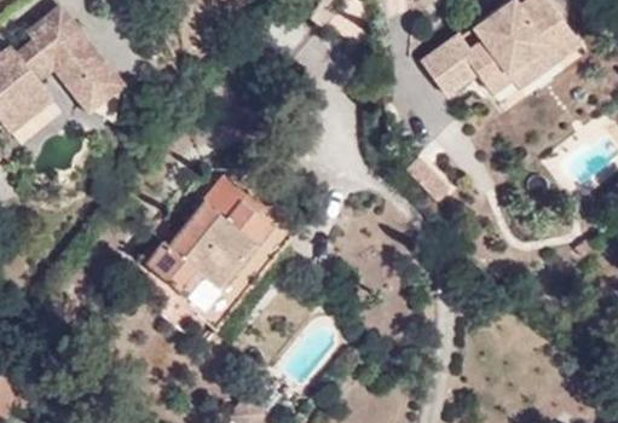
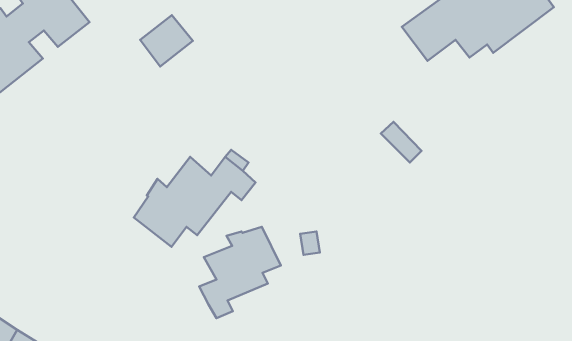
building: [68,59,122,112] -> [140,15,193,67]
building: none -> [199,227,281,318]

